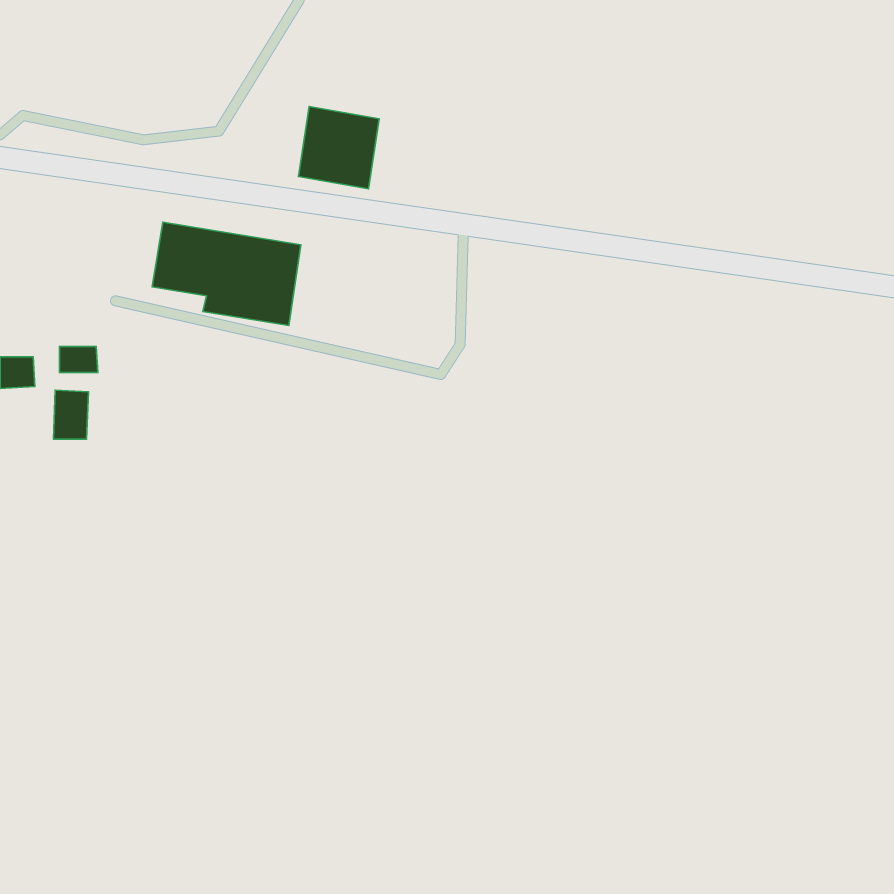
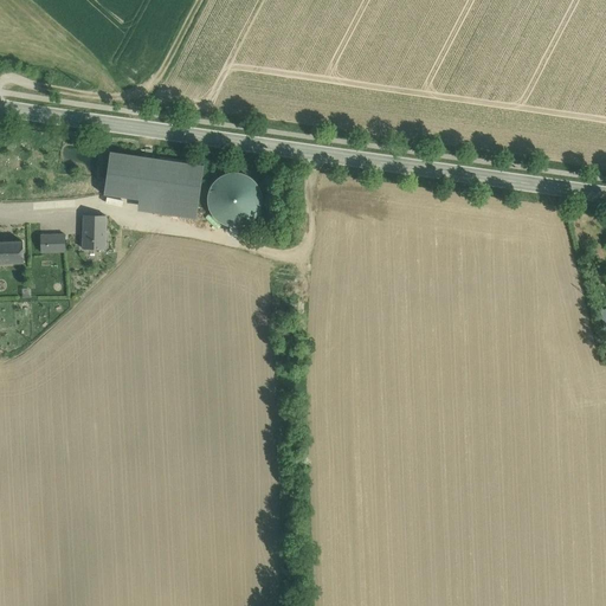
building: [299,107,379,189] -> [202,170,257,226]
building: [53,390,88,439] -> [83,215,107,249]

